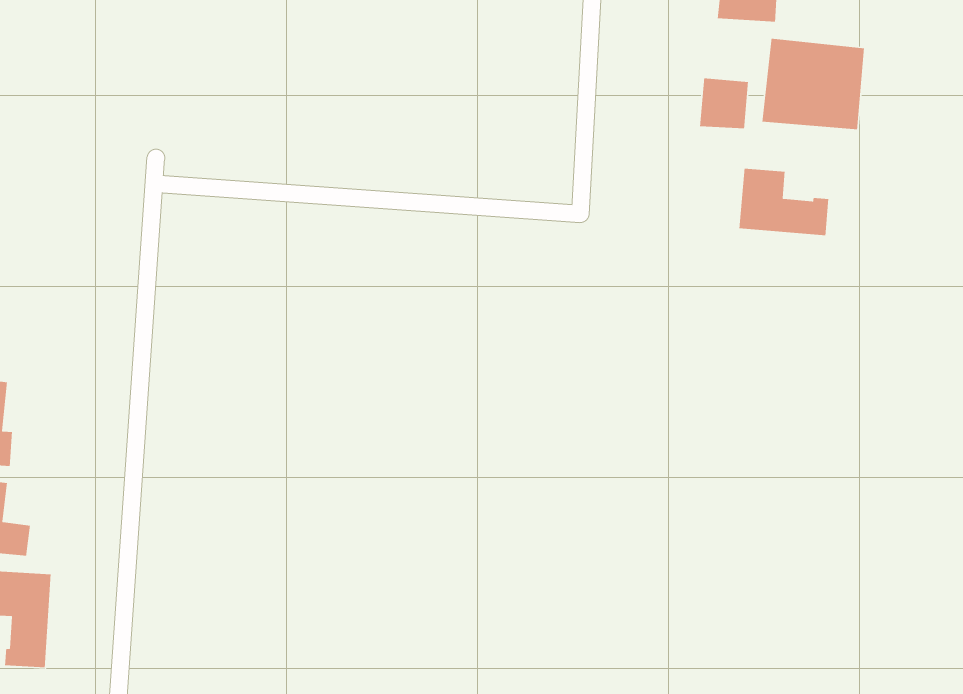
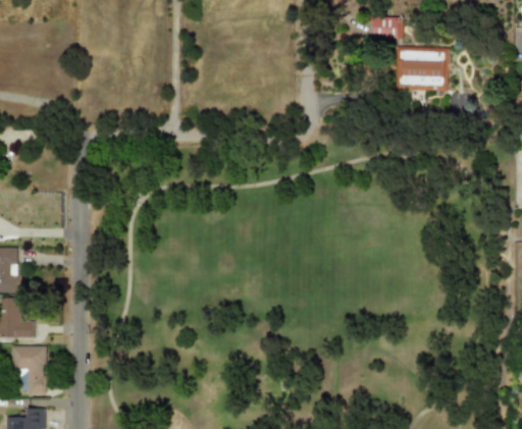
building: [699,78,749,129] -> none
building: [738,168,829,236] -> none

